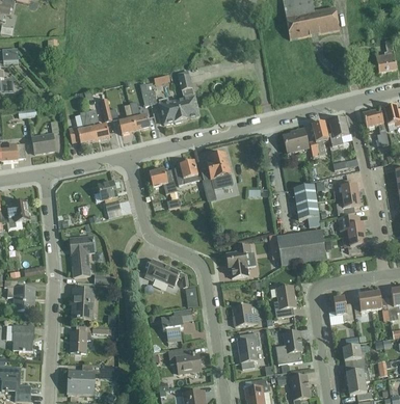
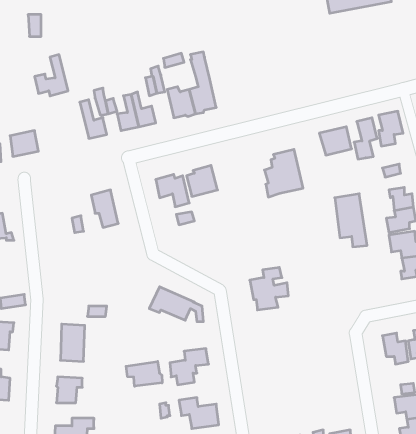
building: [69,109,96,142] -> [35,55,68,96]
building: [202,153,233,191] -> [264,149,303,197]
building: [276,228,326,265] -> none
building: [70,234,94,275] -> none
building: [273,284,296,316] -> none
building: [233,303,258,325] -> none
building: none -> [126,361,162,386]
building: [275,329,302,362] -> none
building: [237,331,260,368] -> none

